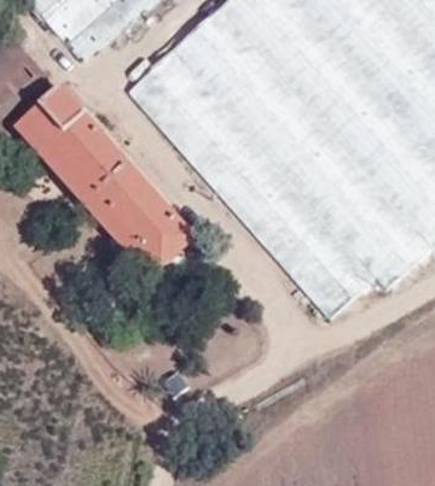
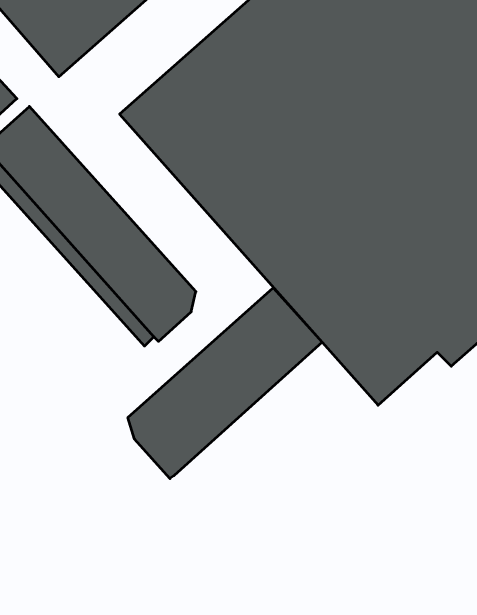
building: none -> [128,288,322,479]

